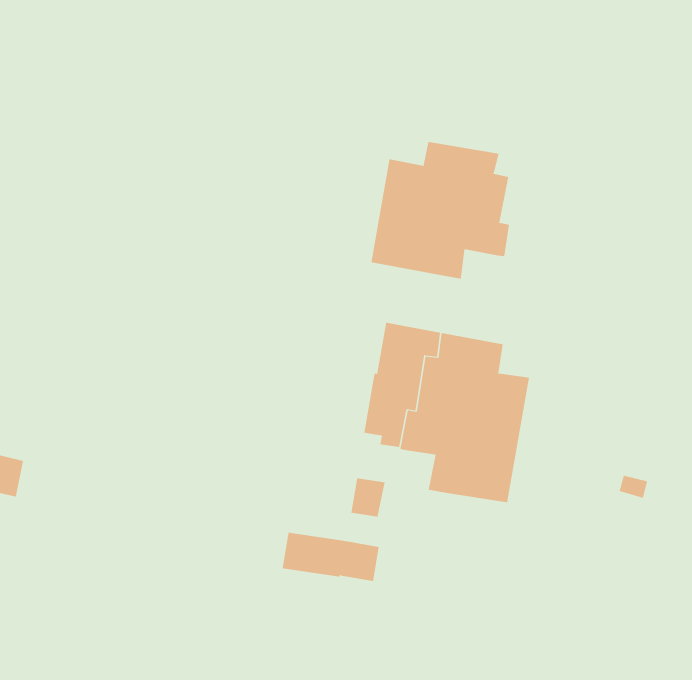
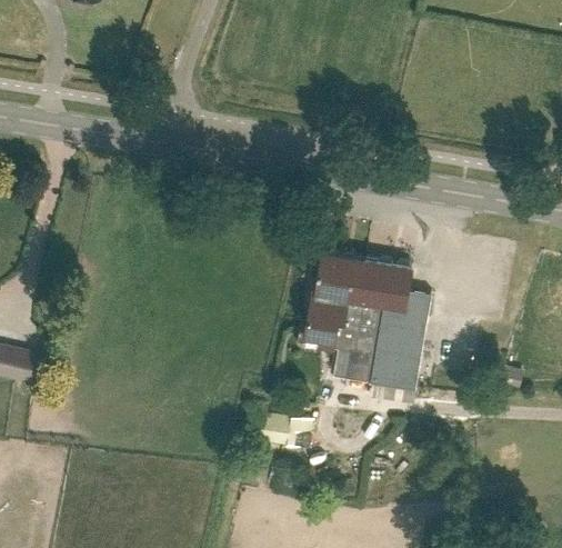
building: [371,141,510,279] -> none
building: [351,478,386,517] -> [332,349,359,379]

